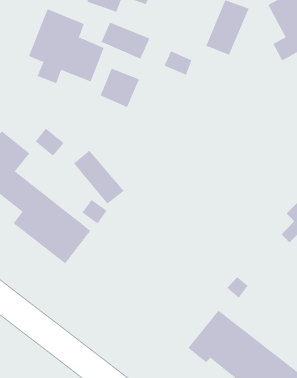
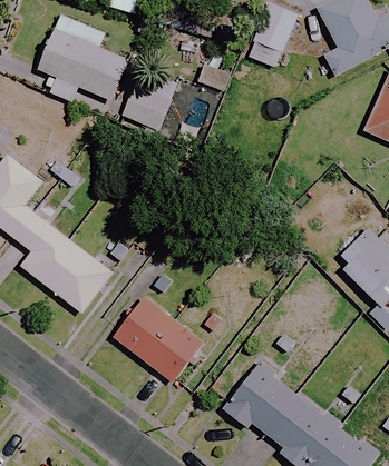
building: [101,22,150,60] -> none
building: [73,150,125,204] -> none
building: none -> [115,297,204,383]

